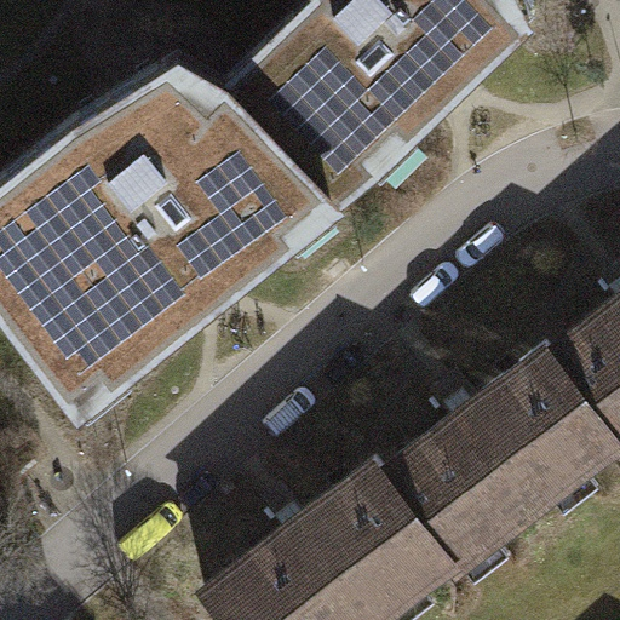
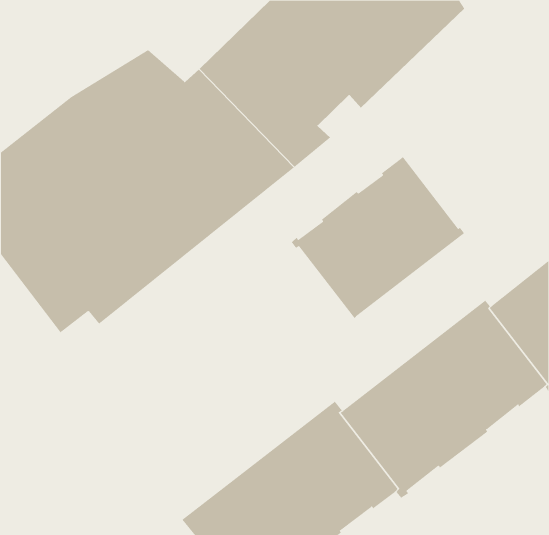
building: none -> [291,156,465,319]

